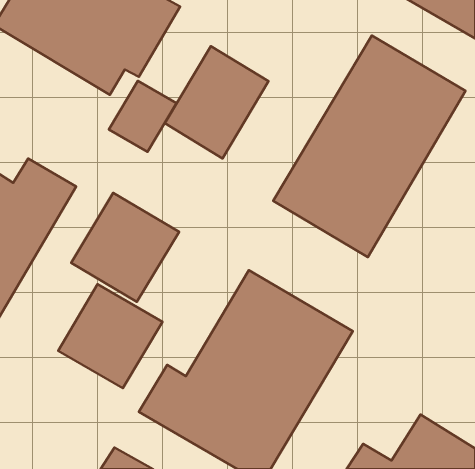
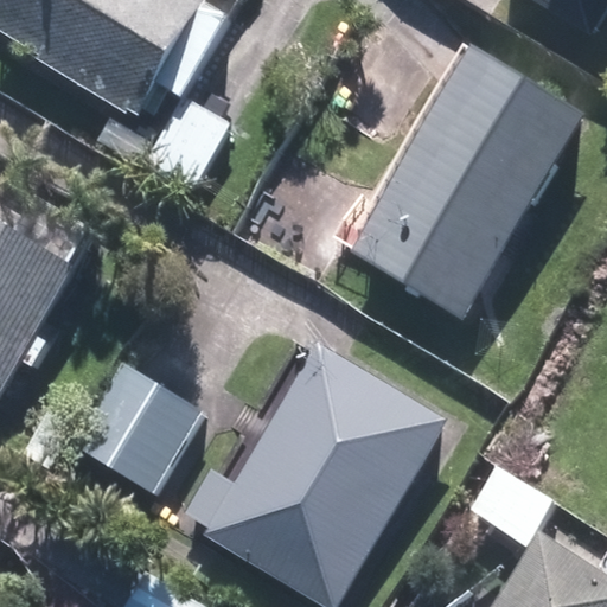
building: [165,46,268,158] -> none
building: [71,193,179,302] -> none

